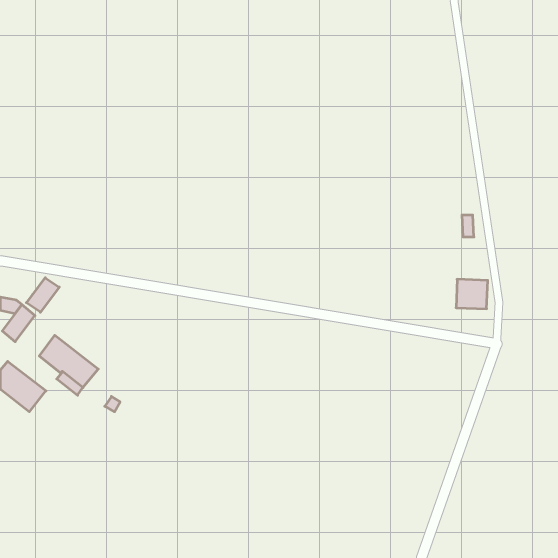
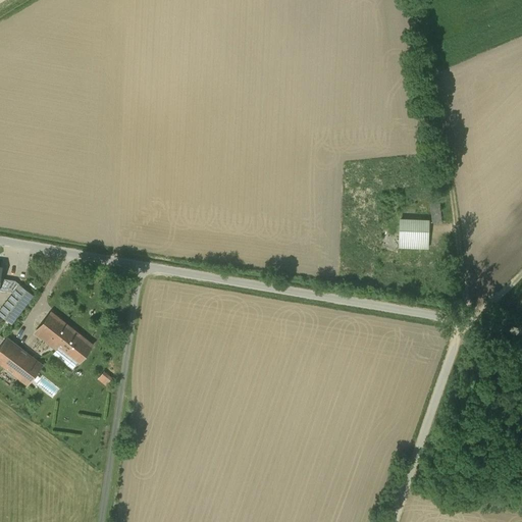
building: [26,278,59,312] -> none
building: [456,279,488,309] -> [398,222,427,250]

